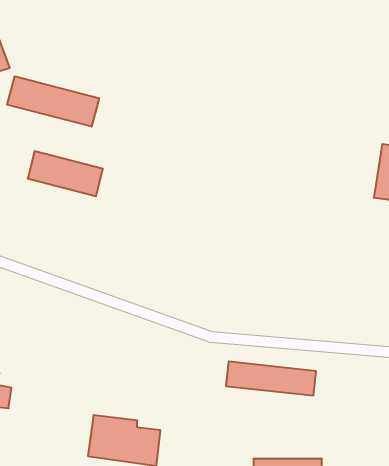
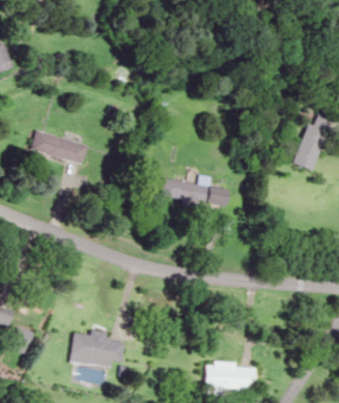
building: [7,76,99,127] -> none
building: [226,361,316,396] -> [161,179,229,205]

